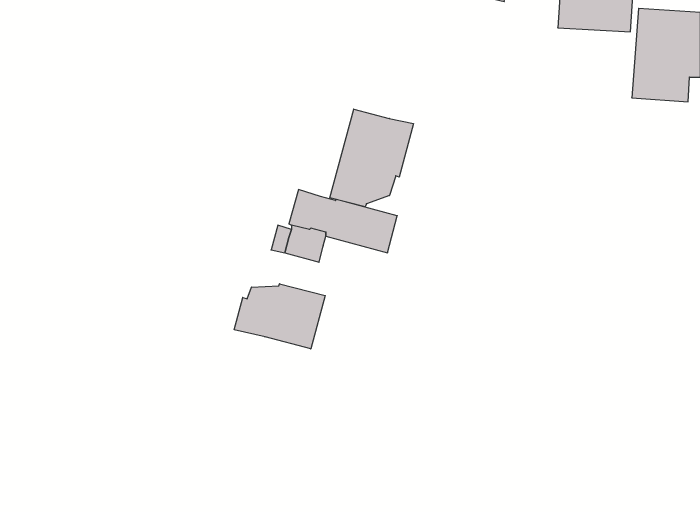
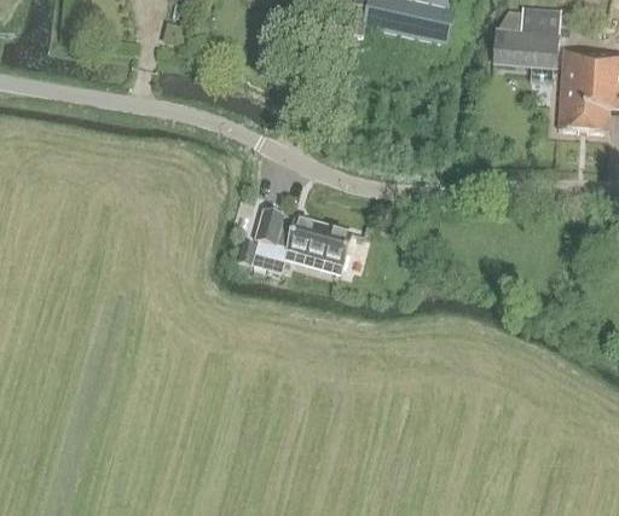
building: [330,109,413,207] -> none
building: [234,284,325,349] -> none

